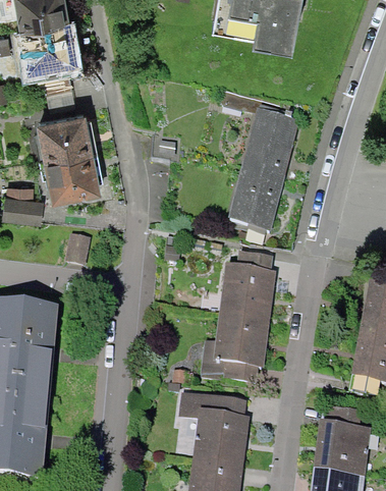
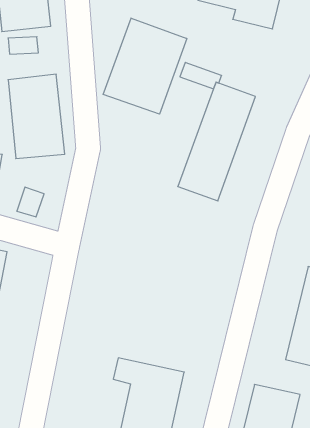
building: none -> [103,18,187,114]
building: [199,251,274,384] -> none

